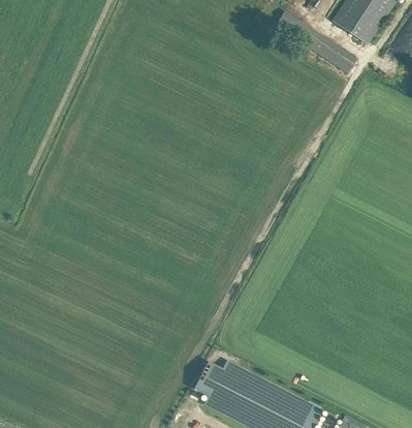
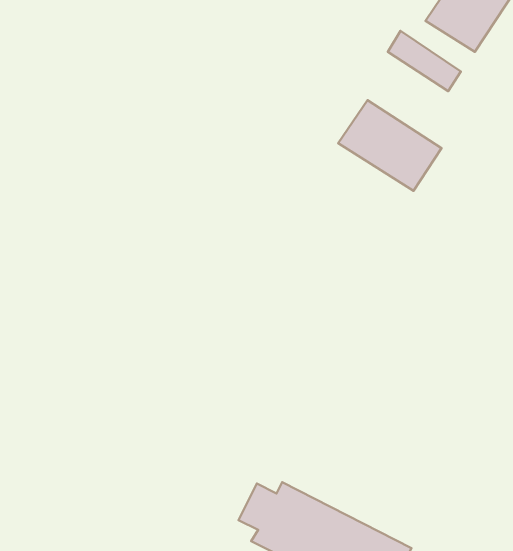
building: none -> [338,100,441,191]

